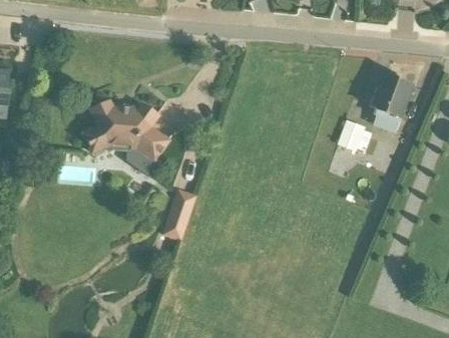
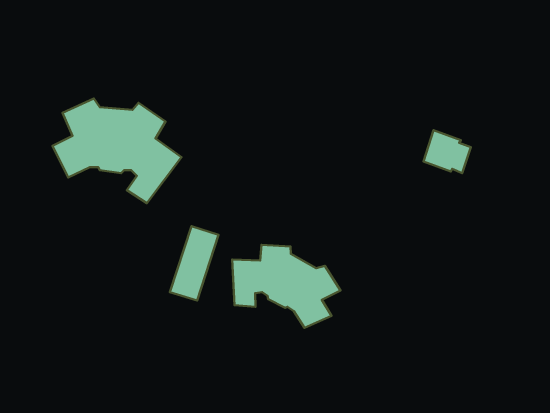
building: [370,76,413,133] -> none
building: none -> [232,245,340,328]

